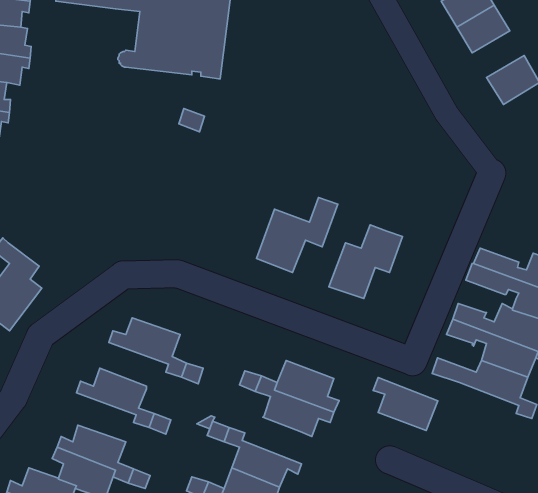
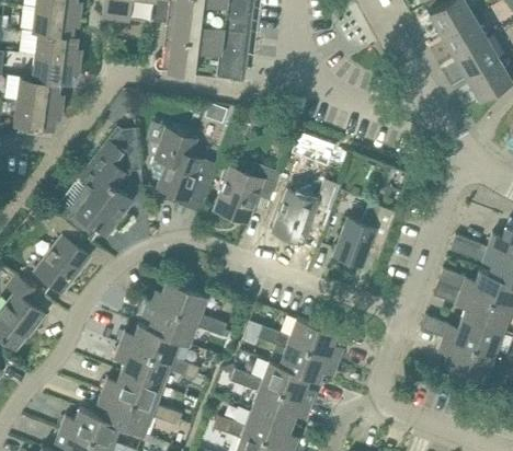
building: none -> [455,38,499,78]
building: none -> [151,127,217,203]
building: none -> [61,129,141,241]
building: none -> [215,163,281,222]
building: none -> [144,302,197,345]
building: [373,378,438,430] -> [440,336,494,381]
building: none -> [116,345,170,386]
building: none -> [260,361,315,405]

